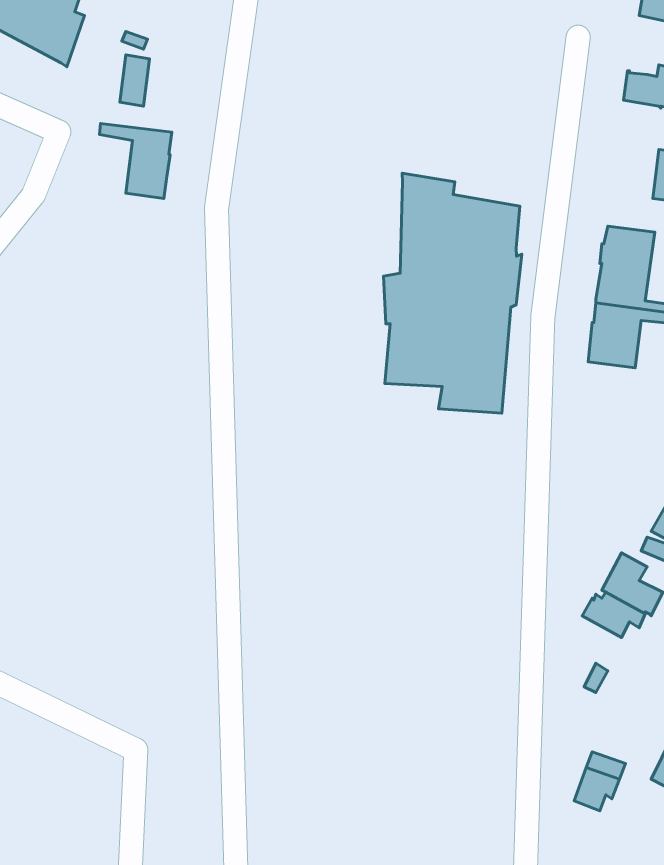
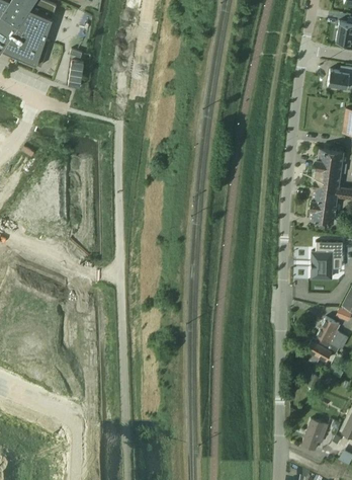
building: [100,123,172,198] -> none
building: [383,173,522,413] -> none
building: none -> [312,243,342,279]

